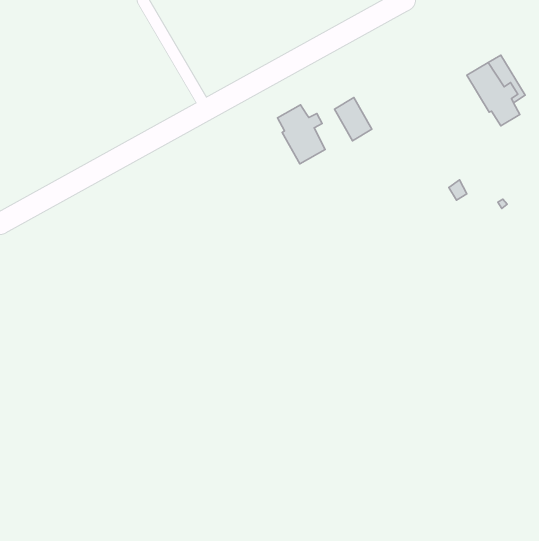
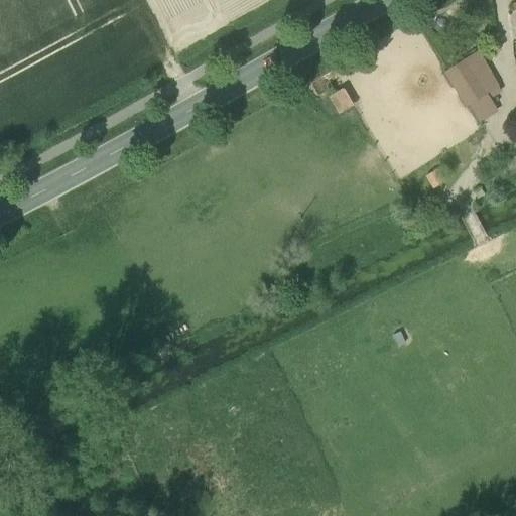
building: [278,105,325,164] -> none

